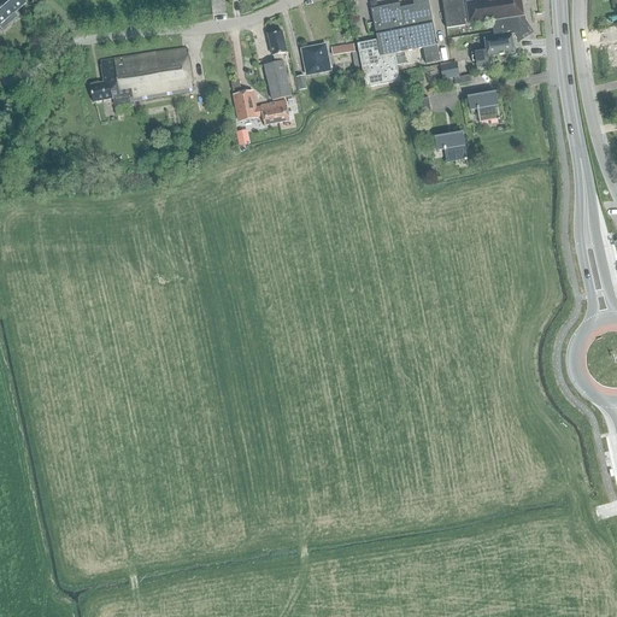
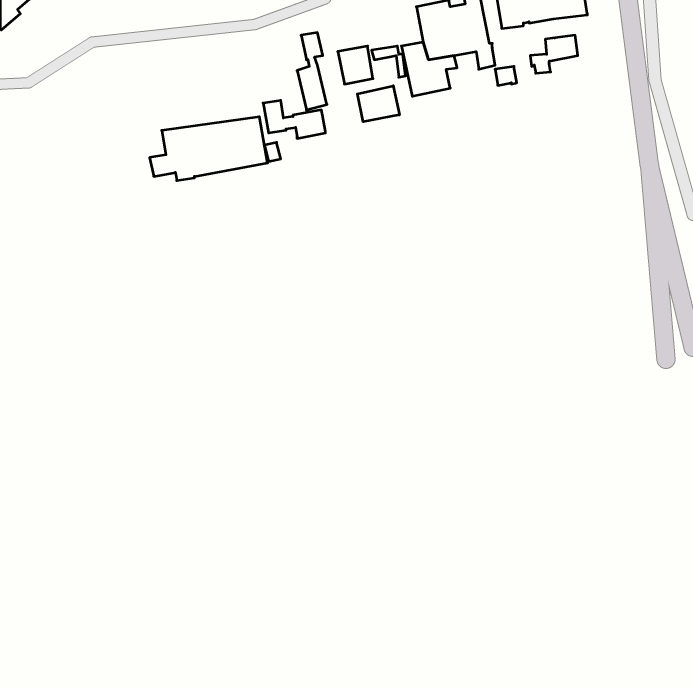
building: [89,46,194,102] -> [150,117,268,181]
building: none -> [357,86,399,122]
building: [469,89,500,119] -> none
building: [435,130,468,159] -> none

